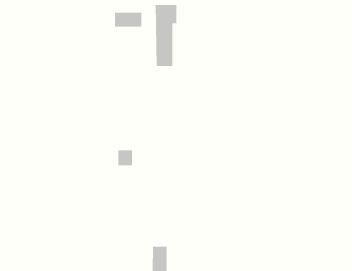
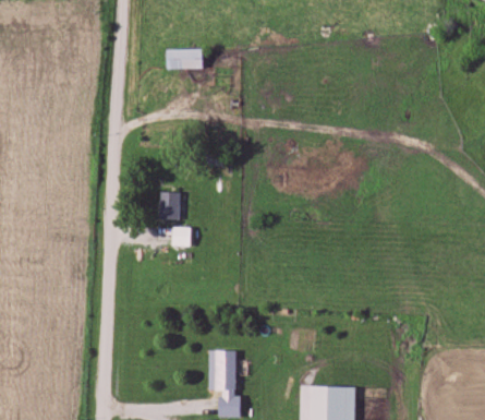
building: [155,4,177,67] -> none
building: none -> [157,192,178,219]

